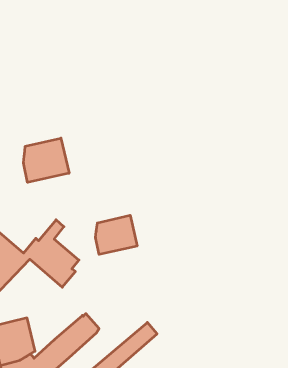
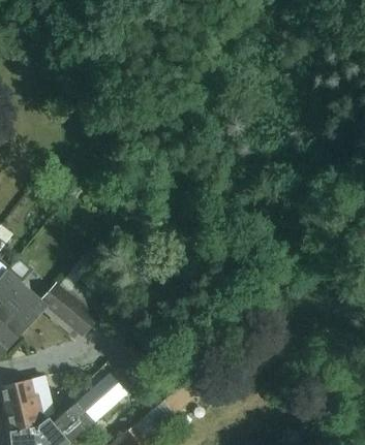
building: [24,138,69,182] -> none
building: [96,215,137,254] -> none

